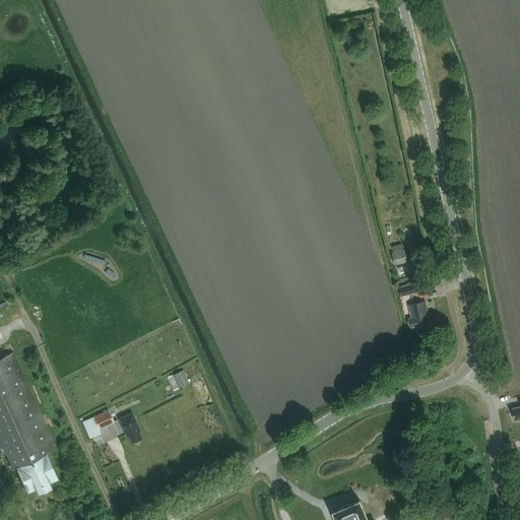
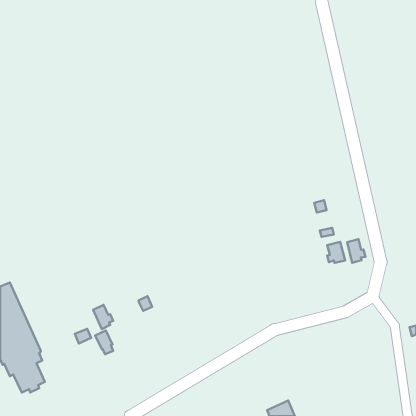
building: none -> [347,239,365,263]
building: none -> [93,305,113,329]

